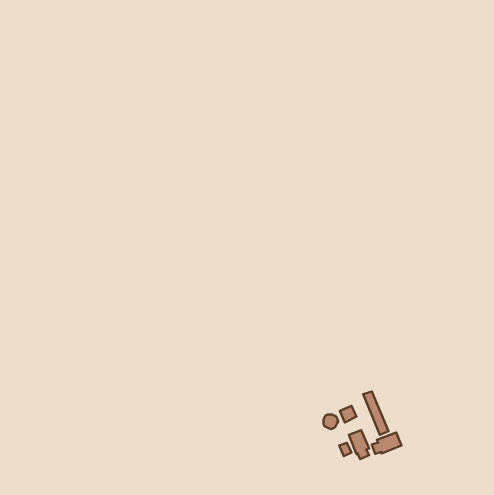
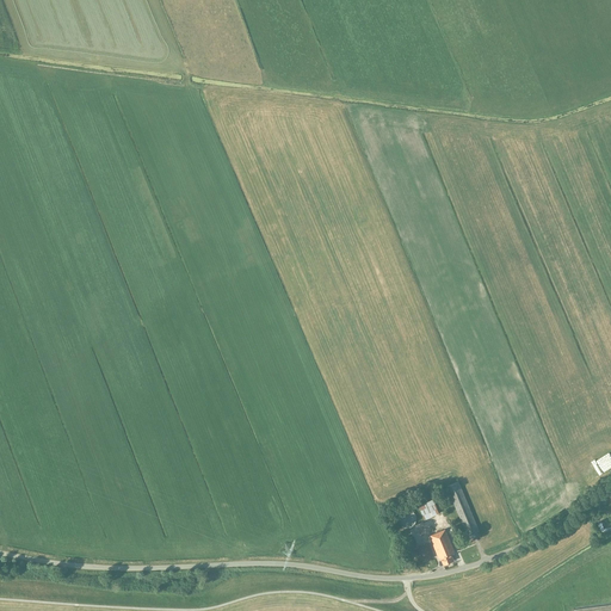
building: [372,432,402,454] -> none

